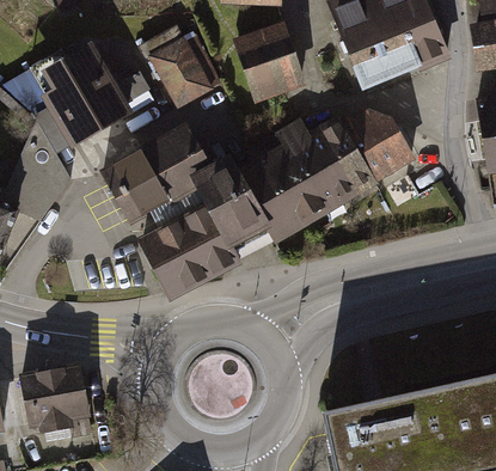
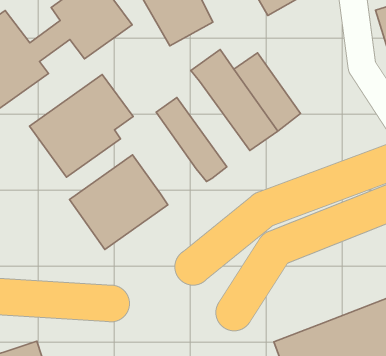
building: [348,99,421,186] -> none
building: [261,140,326,230] -> none
building: [194,157,270,247] -> none

